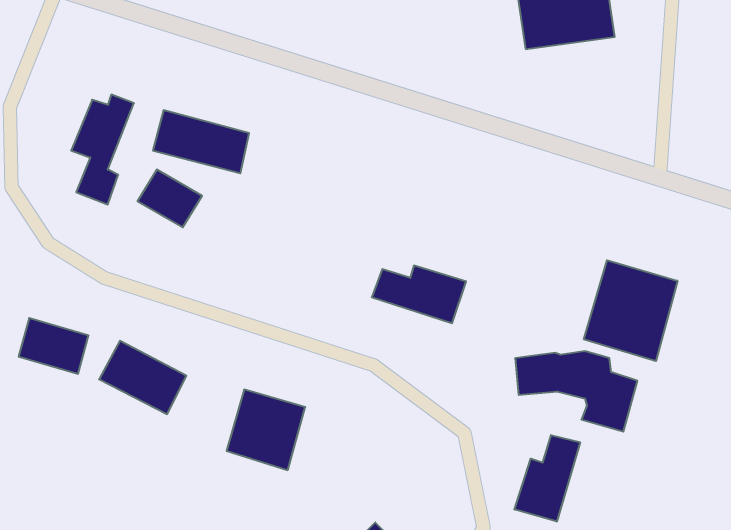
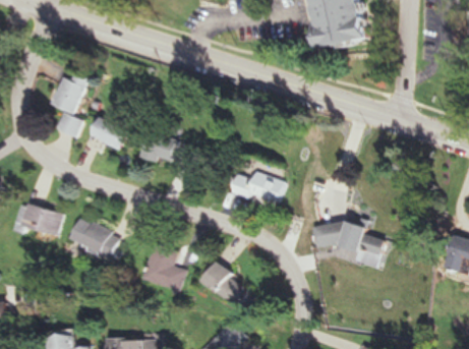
building: [153,110,249,173] -> [136,132,192,169]
building: [584,260,677,361] -> none
building: none -> [199,260,245,305]
building: [514,435,580,522] -> none

